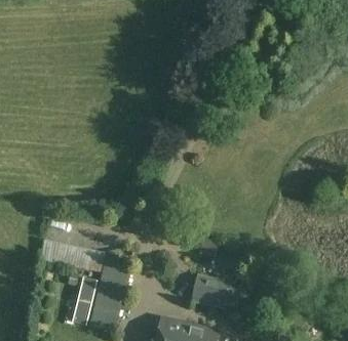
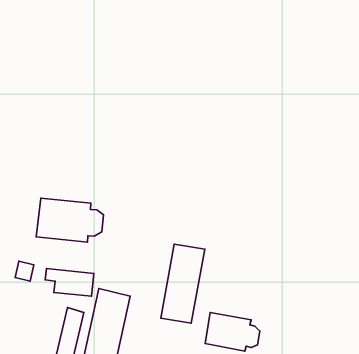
building: none -> [36,198,103,242]
building: none -> [161,244,205,323]

